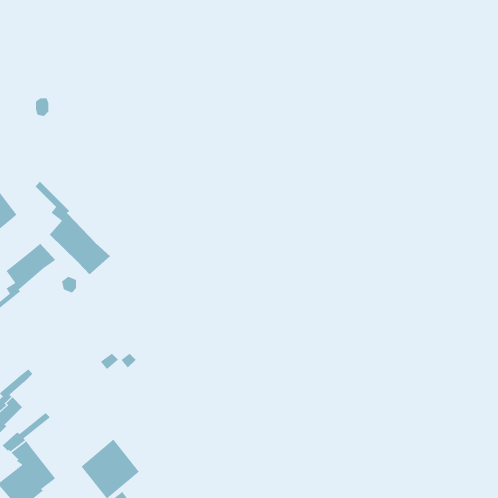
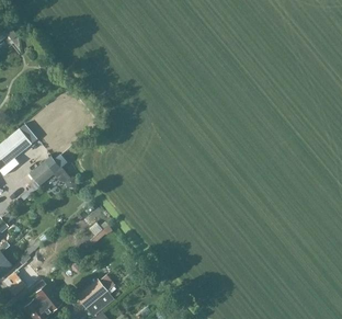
building: [35,181,111,275] -> none

